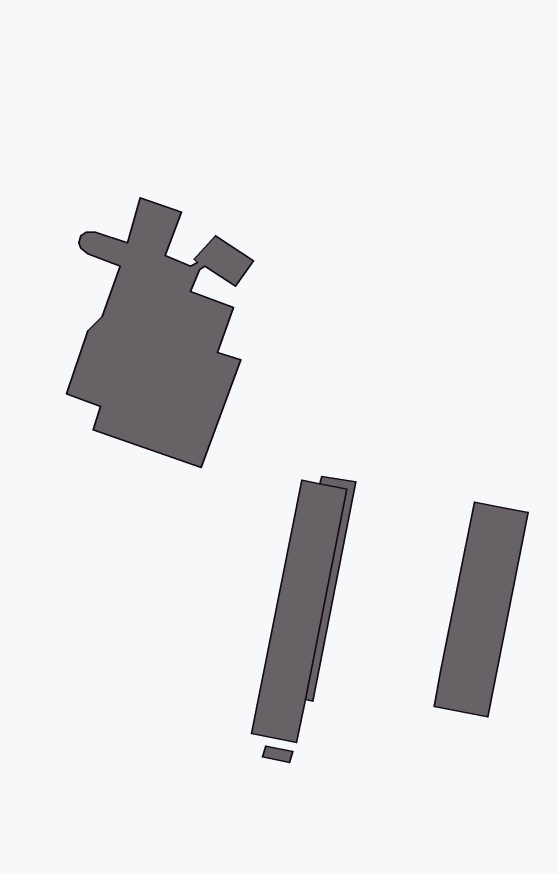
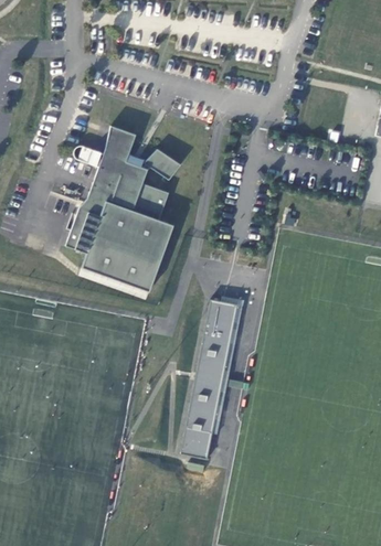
building: [434,502,528,717] -> none

